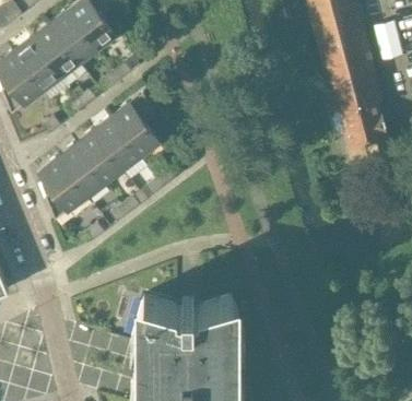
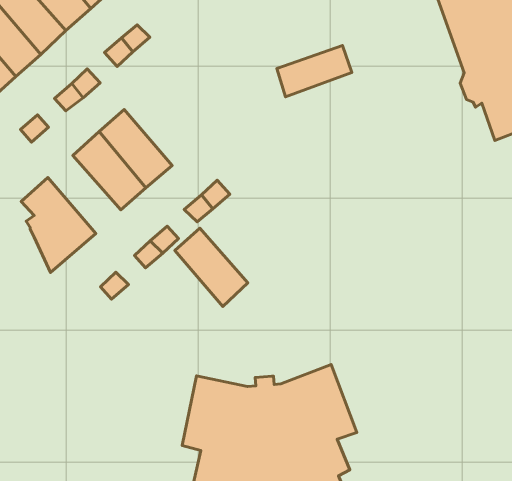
building: none -> [277,46,352,97]
building: [110,94,158,157] -> none
building: [57,145,103,198] -> [175,228,248,307]

